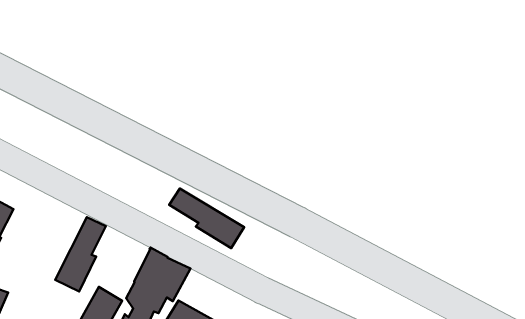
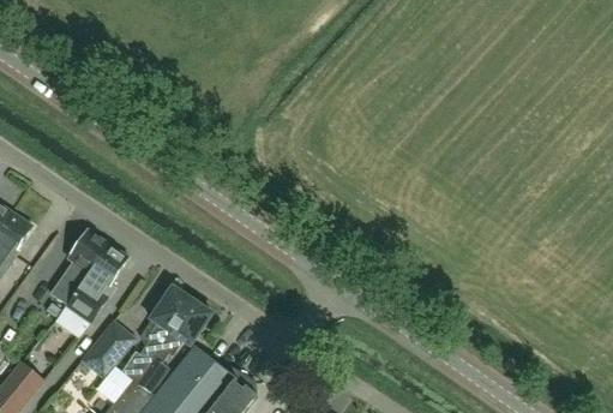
building: [169,188,244,248] -> none
building: none -> [49,229,108,307]

